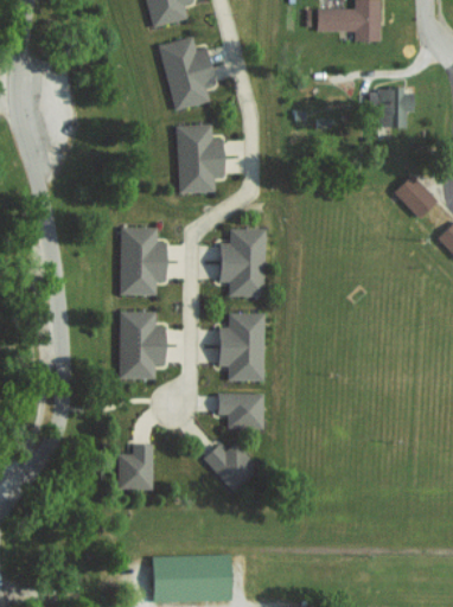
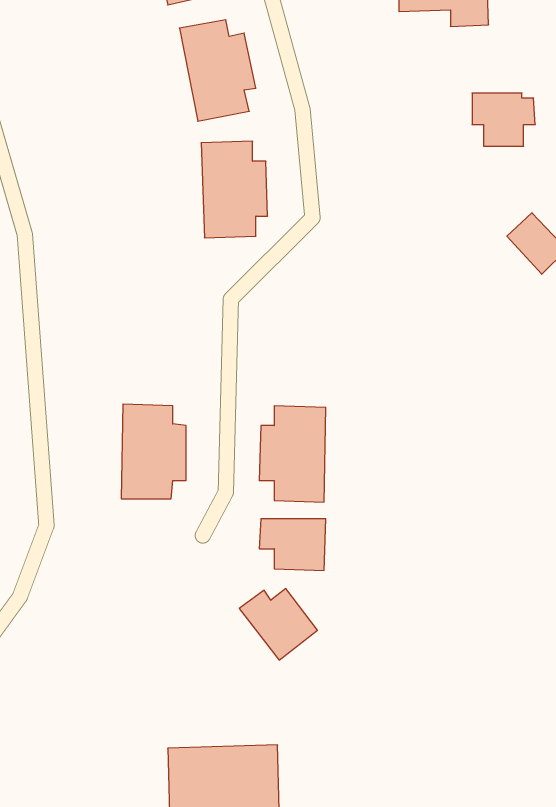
building: [120,226,166,295] -> none
building: [218,228,266,295] -> none
building: [117,443,153,490] -> none

